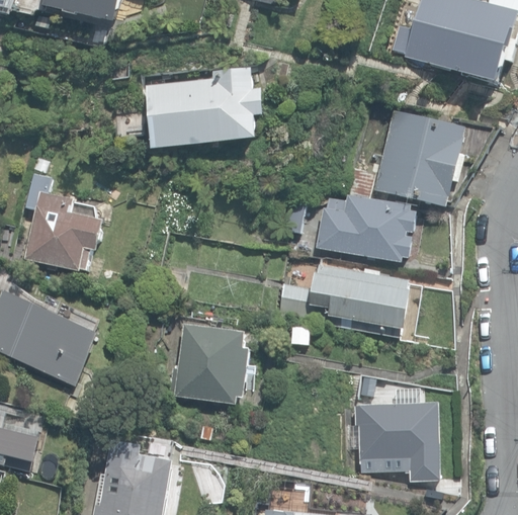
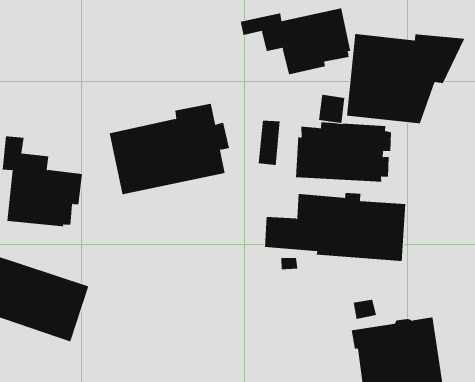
building: [145,67,263,148] -> [109,103,230,195]
building: none -> [240,8,351,75]
building: [169,323,250,403] -> none

